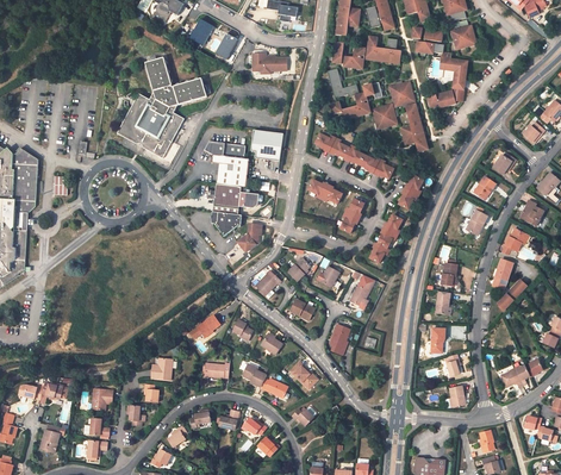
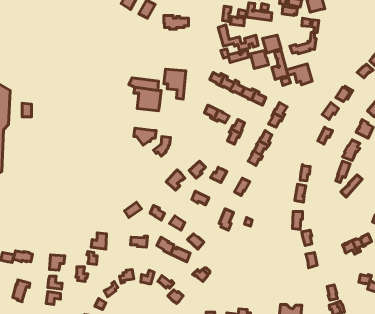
building: [116,57,205,158] -> none
building: none -> [286,64,312,85]
building: [208,183,262,214] -> none

